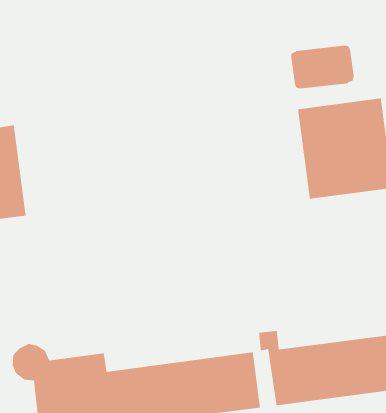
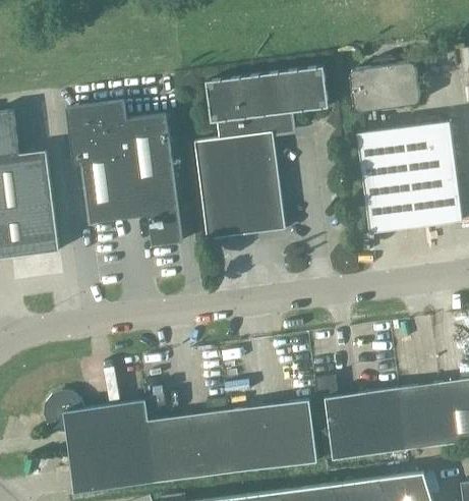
building: none -> [194,67,329,240]
building: none -> [69,103,183,246]

